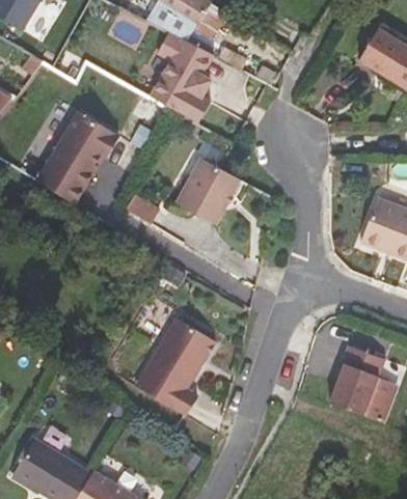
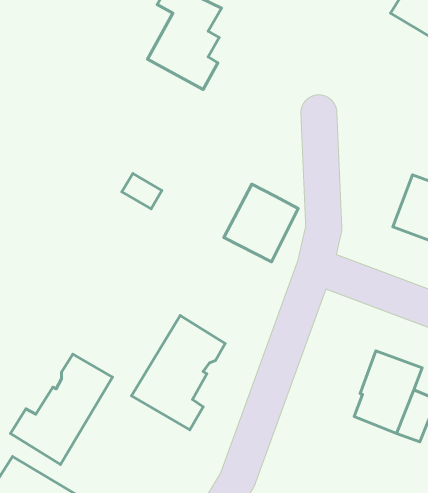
building: [40,110,123,202] -> none
building: [177,158,240,224] -> [224,184,298,262]
building: none -> [11,354,113,465]

